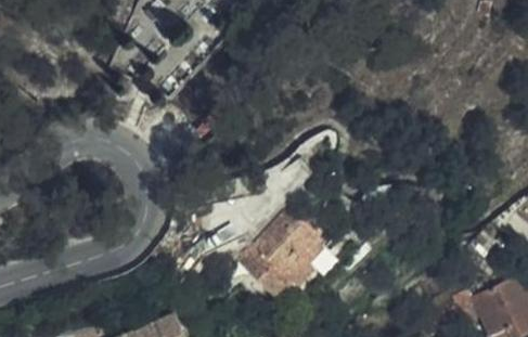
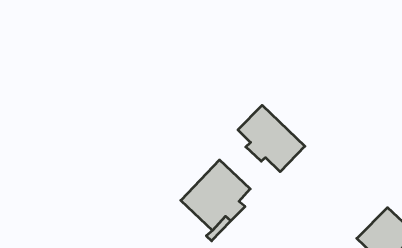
building: none -> [238,105,305,172]

